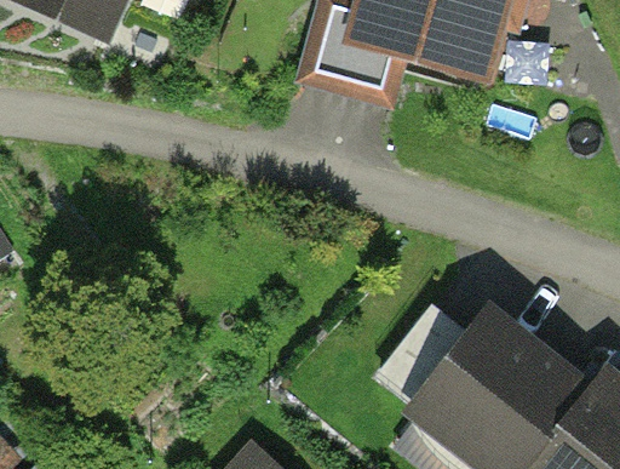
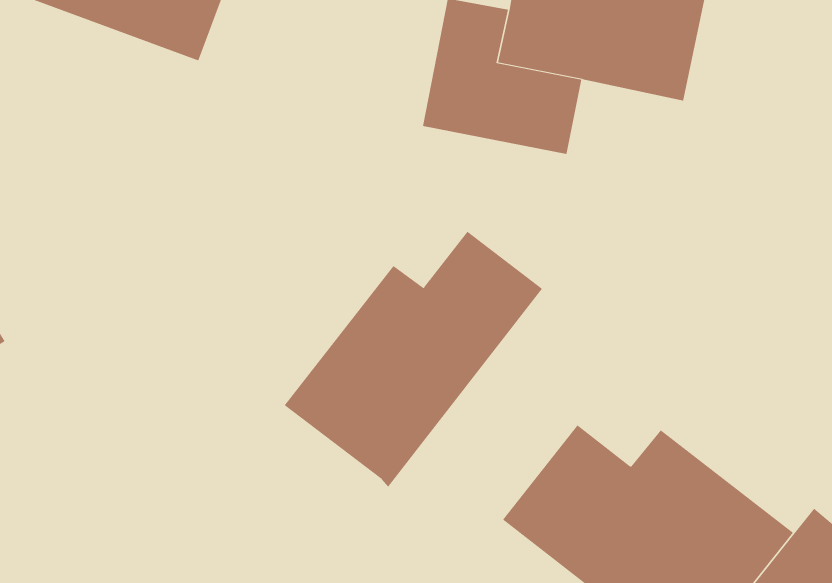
building: none -> [284,231,543,487]

